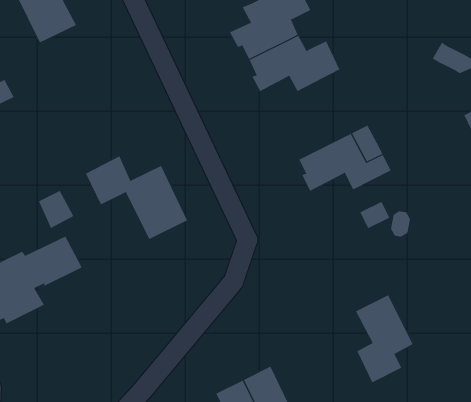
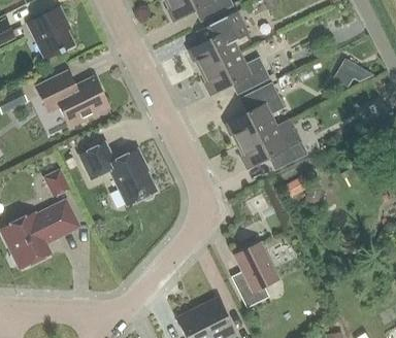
building: none -> [36,76,109,127]
building: none -> [225,82,285,145]
building: [355,294,413,383] -> [235,242,278,308]

